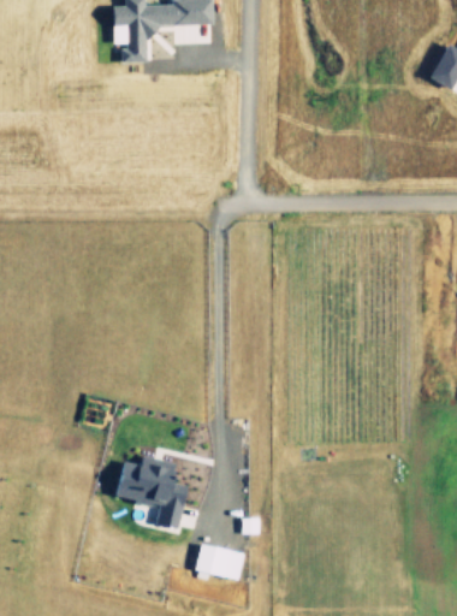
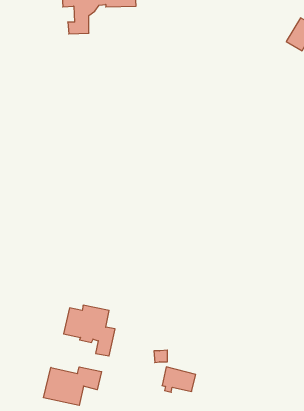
building: none -> [44,367,102,405]
building: [195,543,243,579] -> [162,367,196,392]

